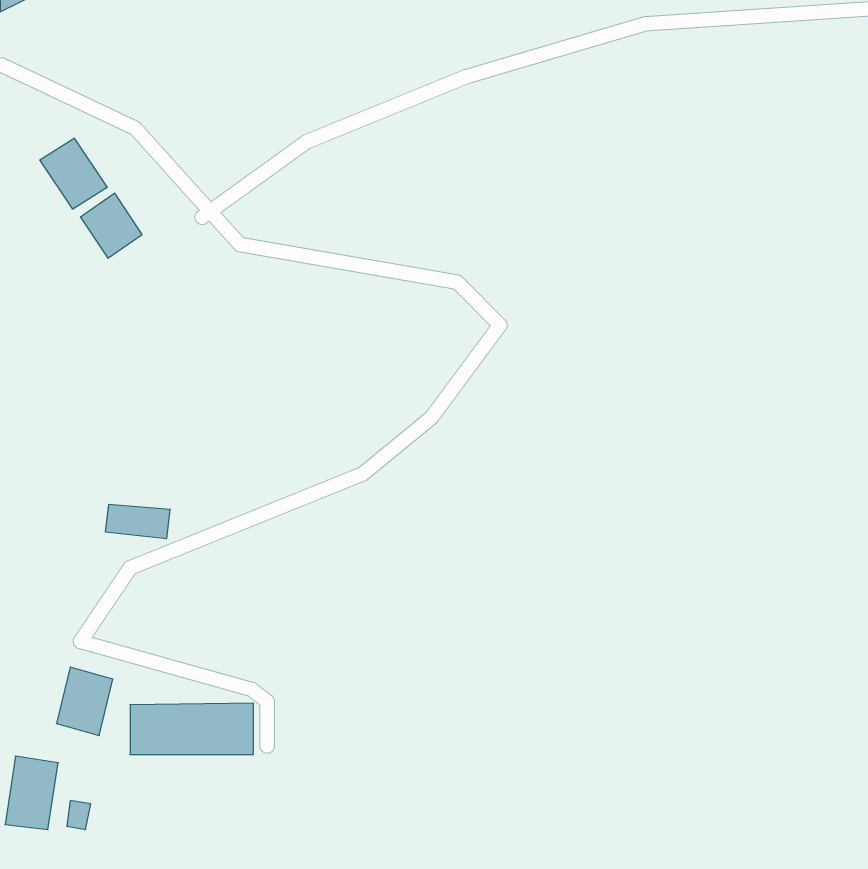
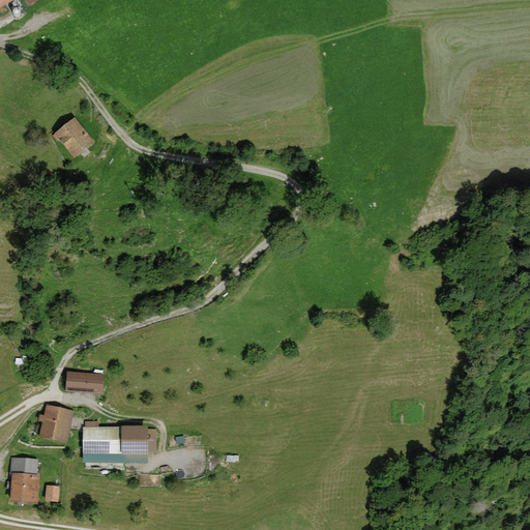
building: [40,138,107,209] -> none
building: [105,504,170,539] -> [65,371,105,391]

